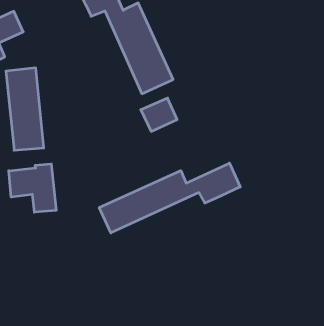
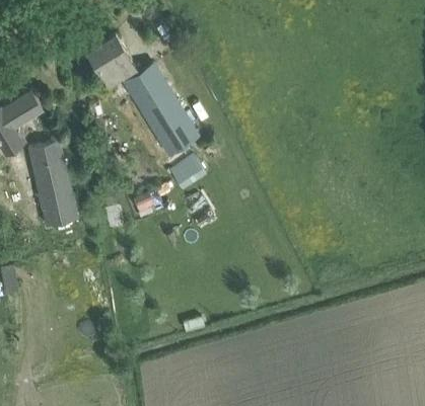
building: [99,163,240,233] -> none
building: [9,164,56,212] -> none

